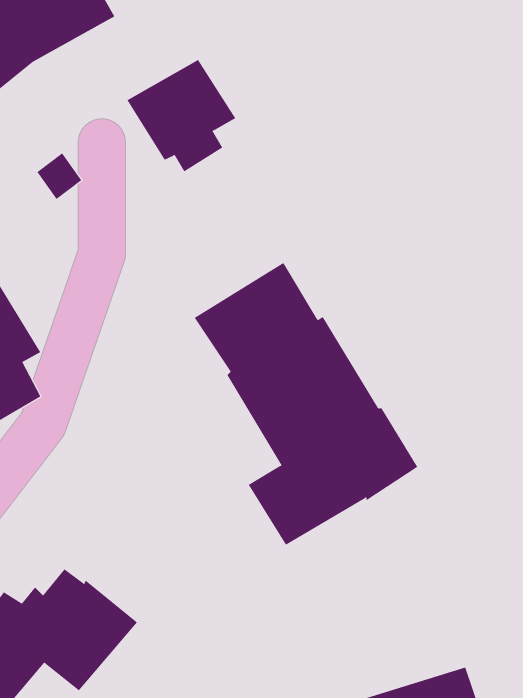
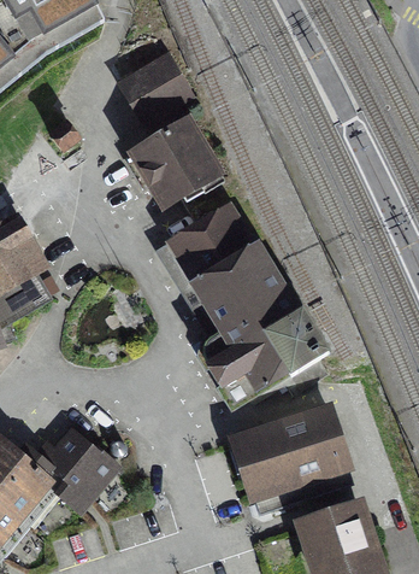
building: none -> [124,112,224,213]
building: none -> [225,400,354,504]

